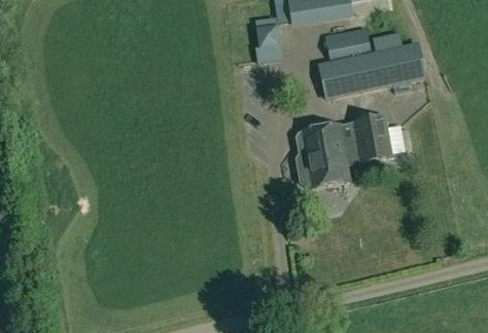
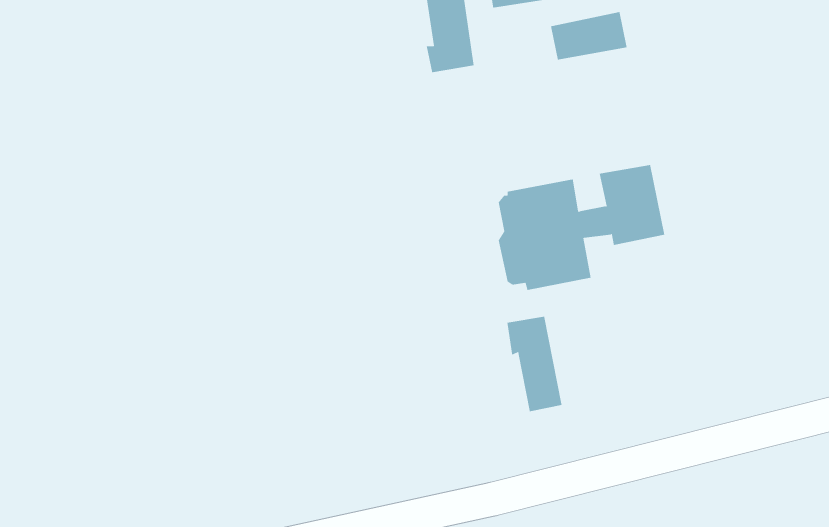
building: [320,43,425,98] -> none
building: none -> [507,316,562,412]

